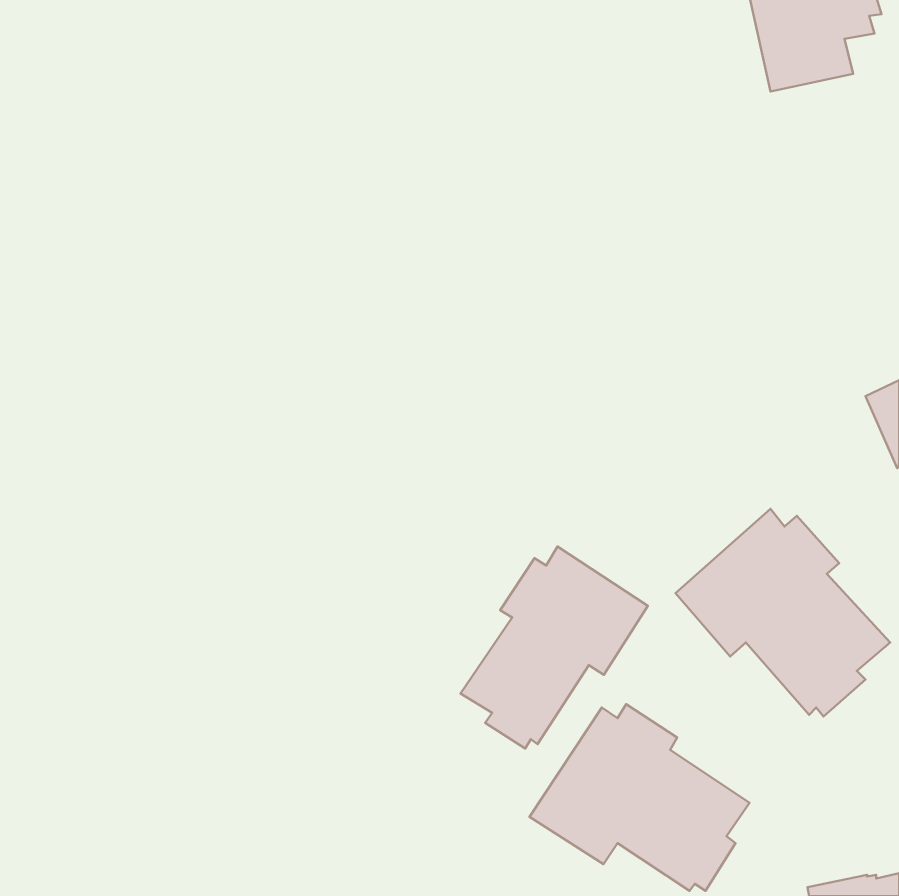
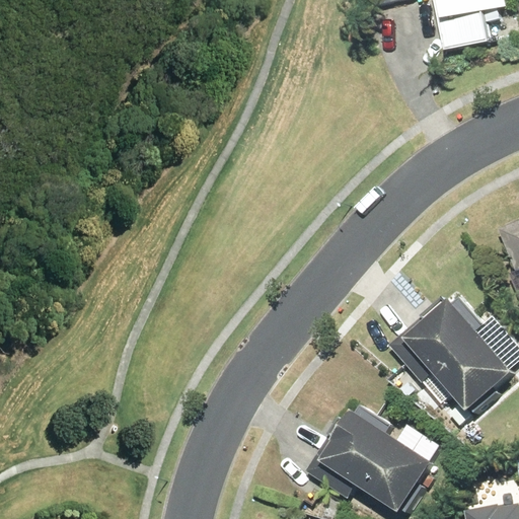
building: [461,546,648,749] -> none

